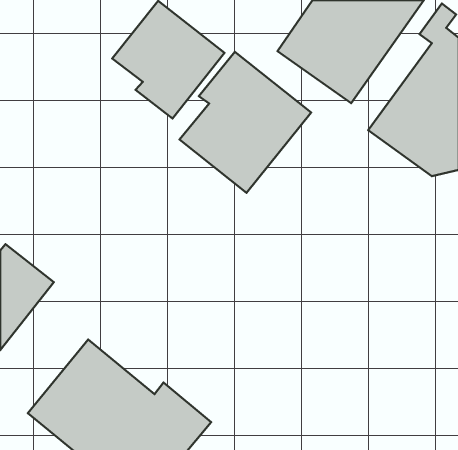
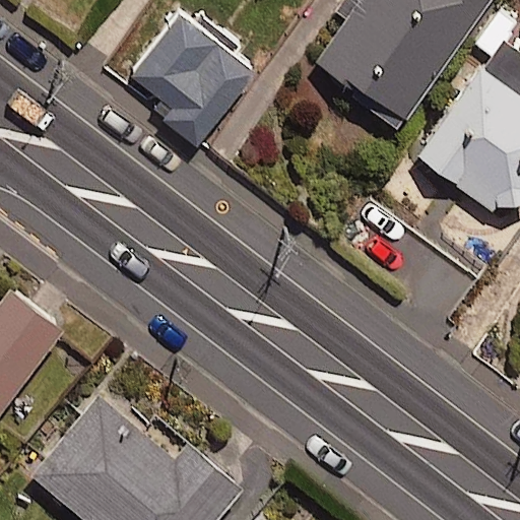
building: [179,52,311,193] -> none

